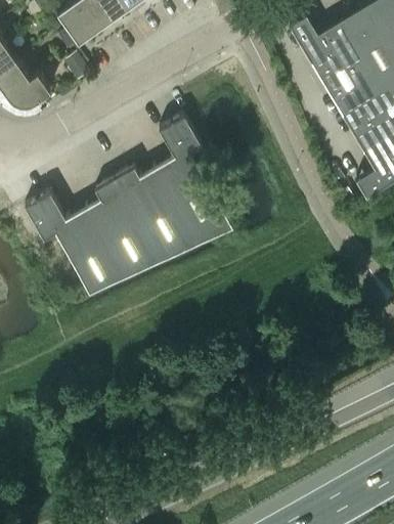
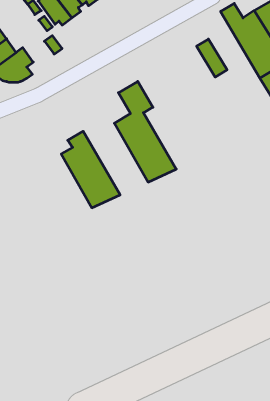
building: none -> [197,39,227,77]
building: [115,168,198,260] -> none
building: [26,192,126,293] -> none

